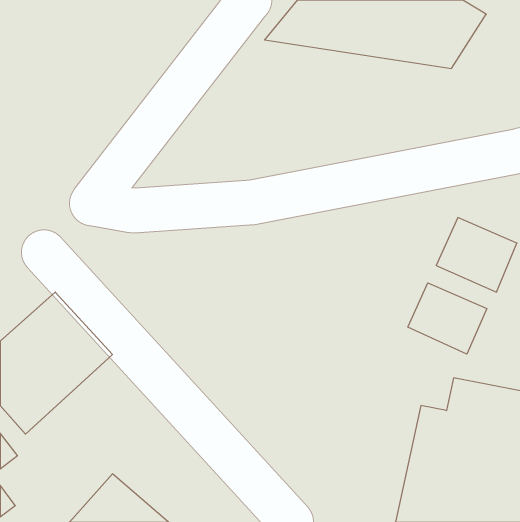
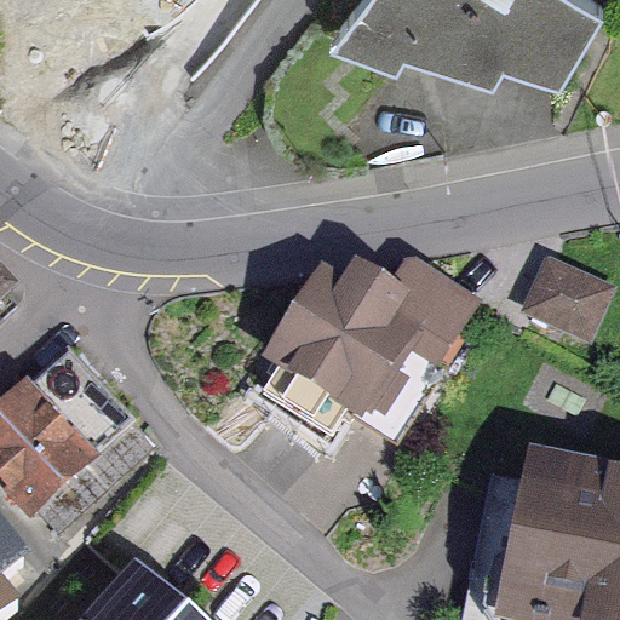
building: none -> [254,256,477,437]
building: [408,283,487,354] -> none

